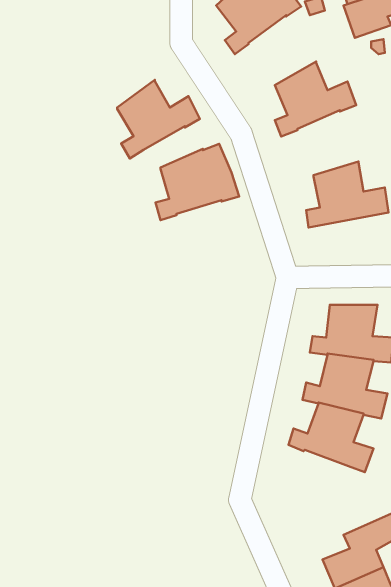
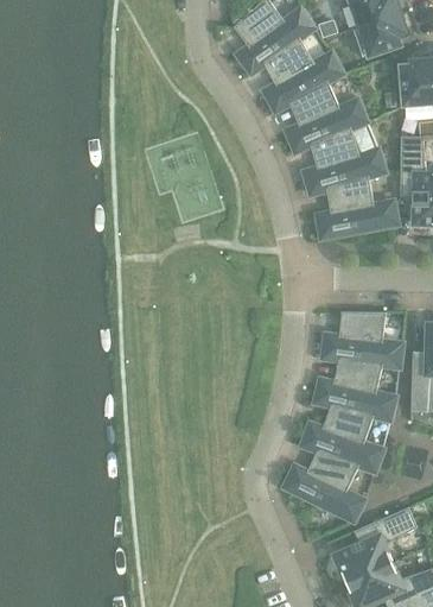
building: [117,80,200,159] -> [263,37,342,112]
building: [155,144,239,220] -> [305,122,384,195]
building: none -> [284,450,363,521]

